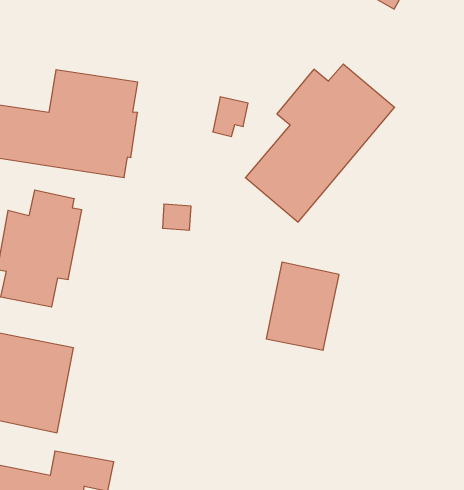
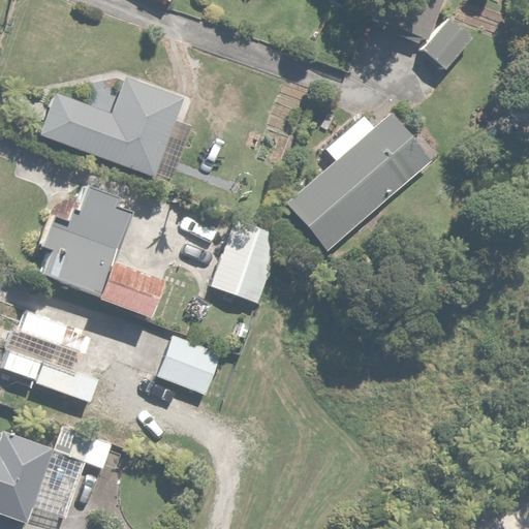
building: [266,262,339,350] -> [210,217,287,305]
building: none -> [92,261,166,322]
building: none -> [154,332,223,396]

